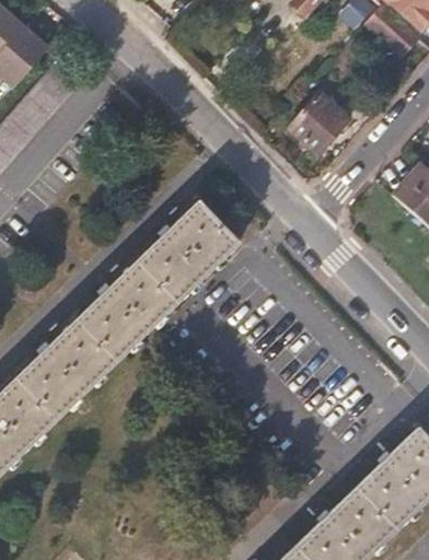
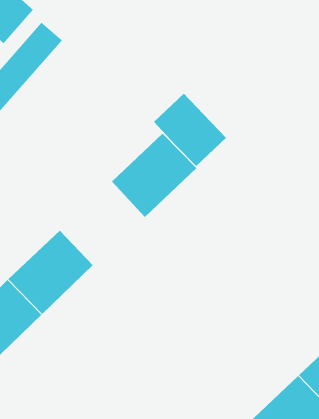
building: [293,101,355,162] -> none
building: none -> [153,93,227,167]
building: [81,253,181,351] -> none

